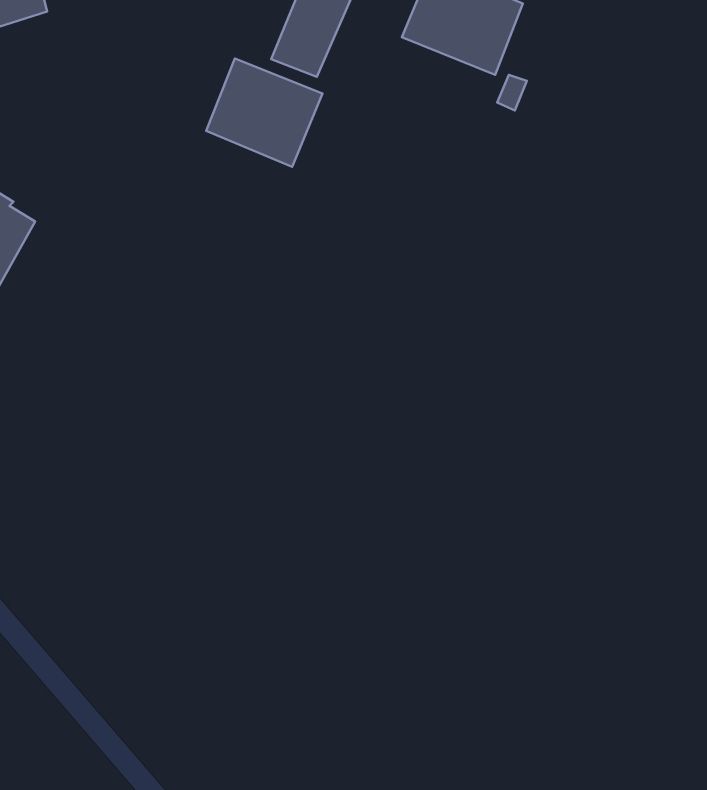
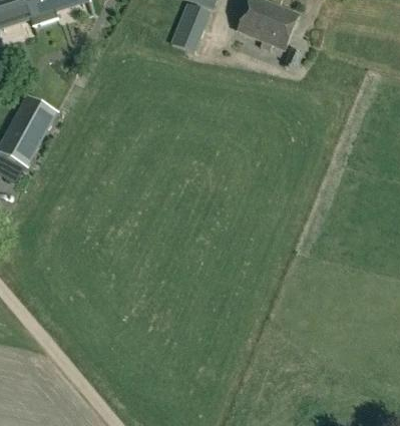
building: [206,58,322,167] -> none

